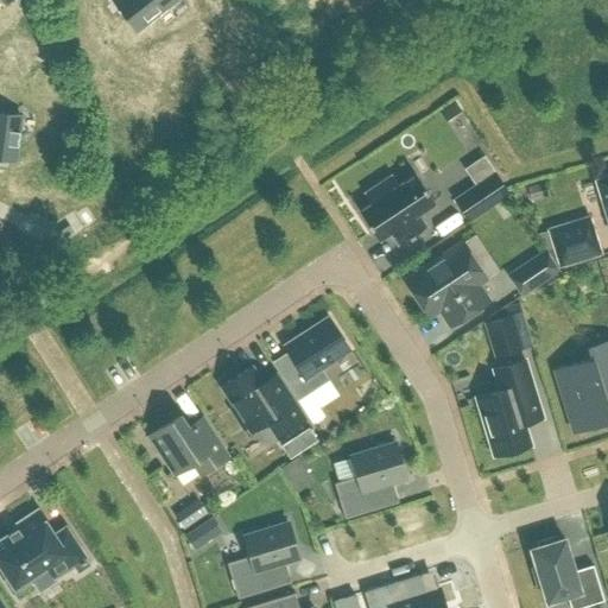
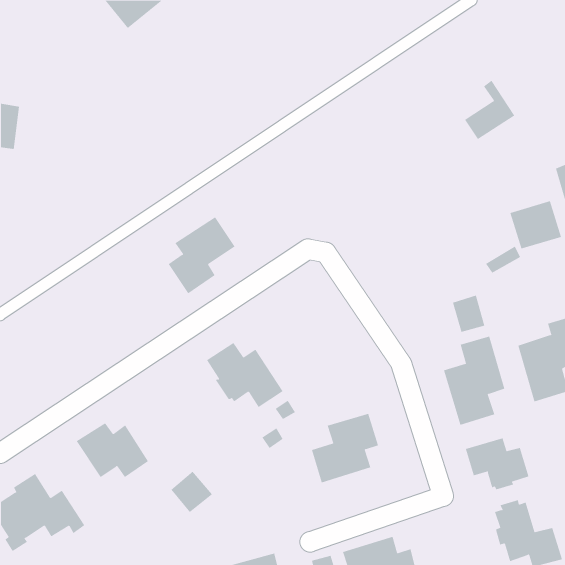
building: [455,157,509,221] -> [464,80,515,140]
building: [355,175,436,246] -> none
building: [407,243,489,327] -> none
building: [278,318,350,401] -> [168,217,235,294]
building: [150,416,228,475] -> [76,422,149,478]
building: none -> [465,437,529,490]
building: [228,524,300,600] -> none

